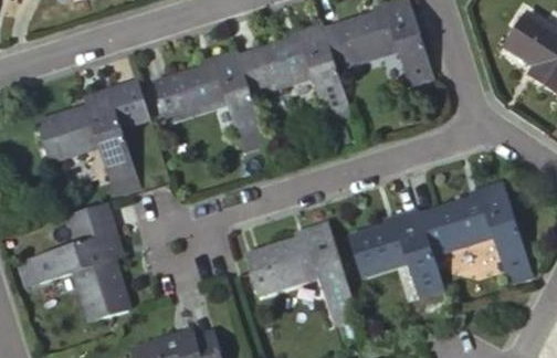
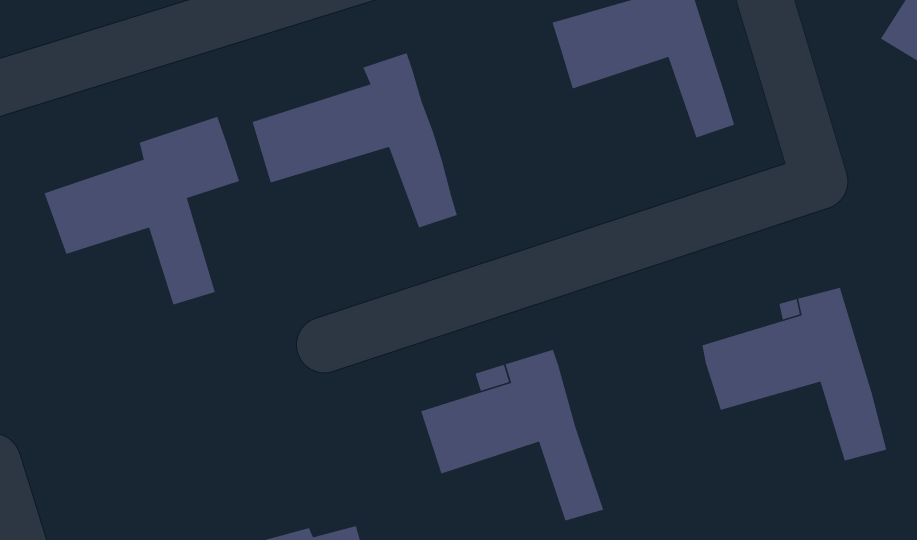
building: [245,21,355,124] -> none
building: [18,202,127,318] -> none
building: [341,208,441,310] -> none

